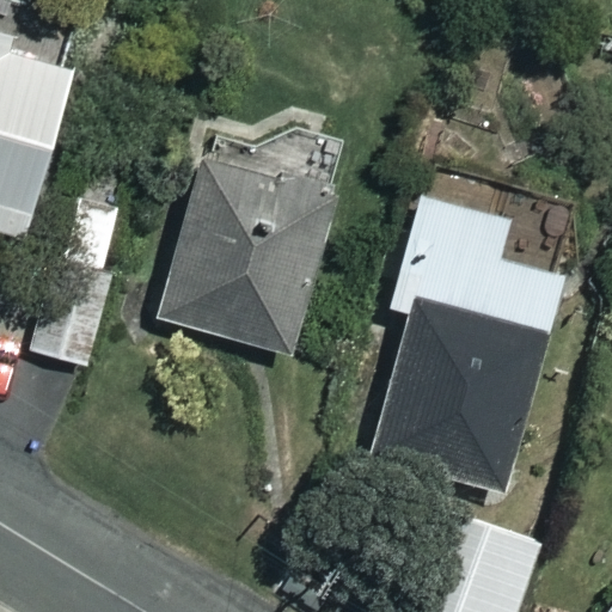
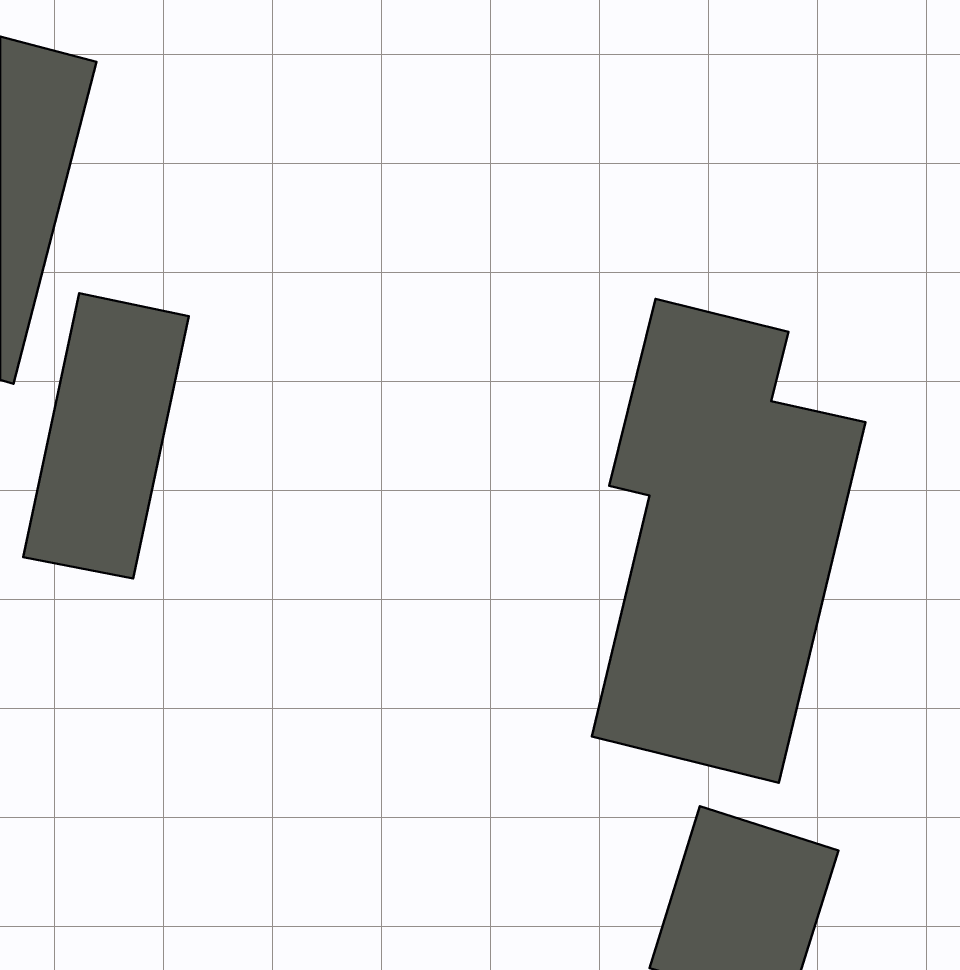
building: [164,136,337,355] -> none

